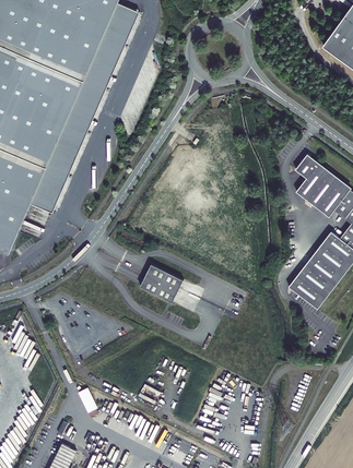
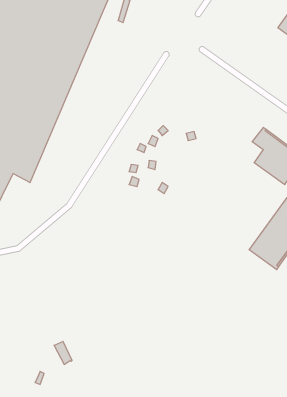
building: [140,263,183,302] -> none

